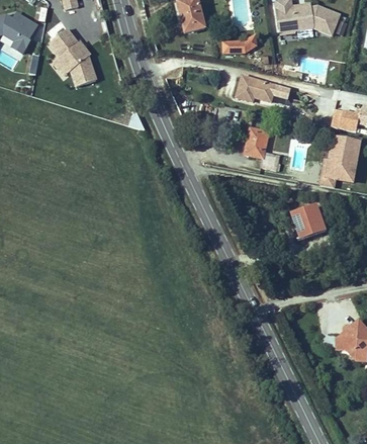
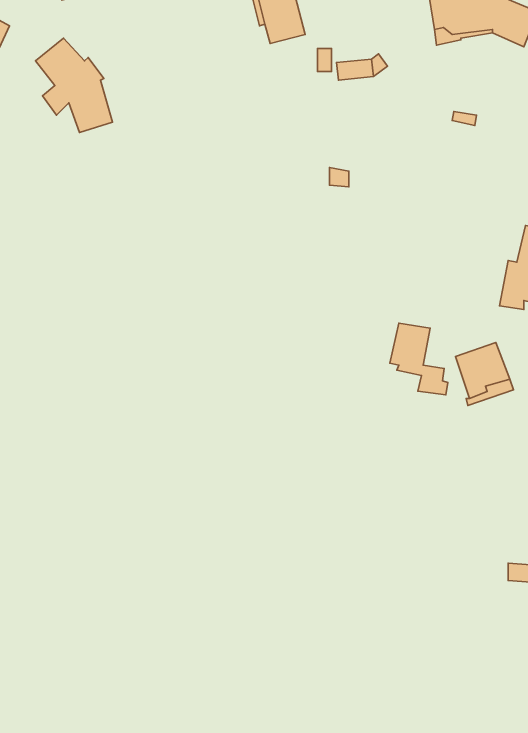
building: [237,75,276,101] -> none
building: [245,127,278,169] -> [390,323,448,395]

